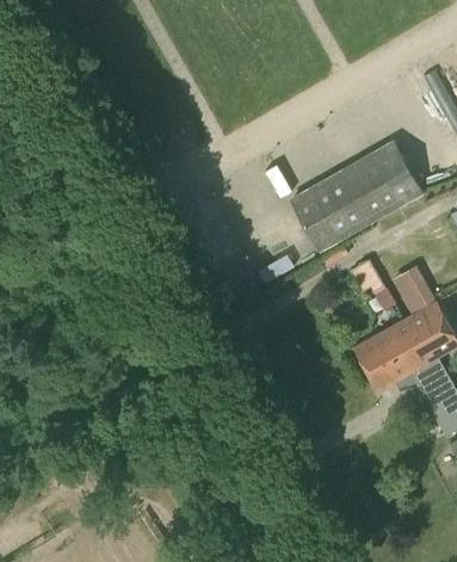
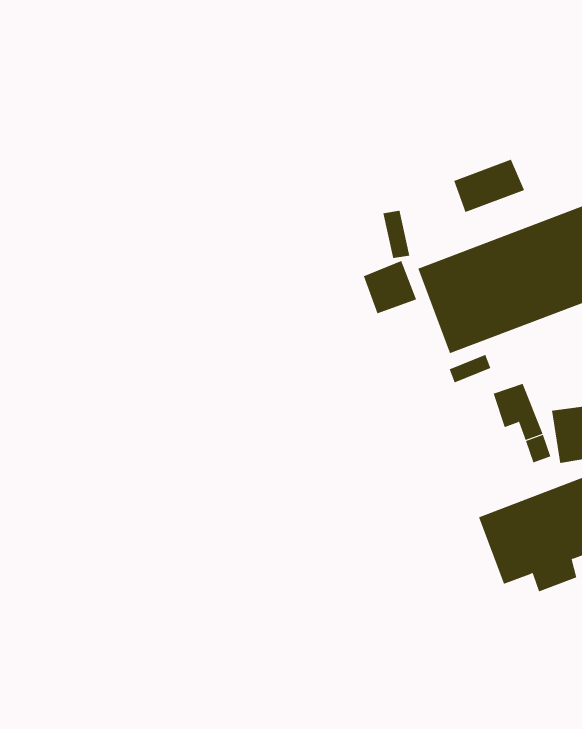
building: none -> [454,159,525,213]
building: none -> [363,260,417,314]

